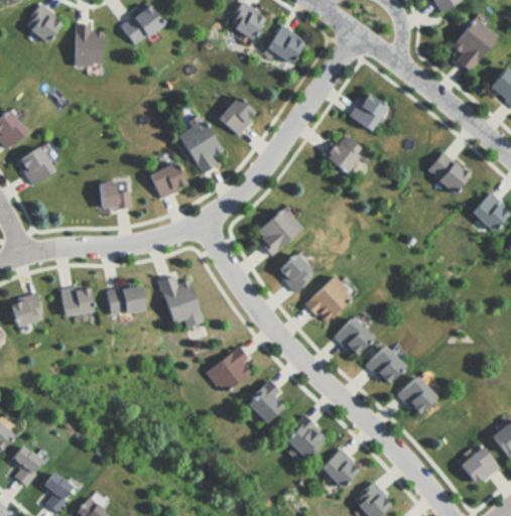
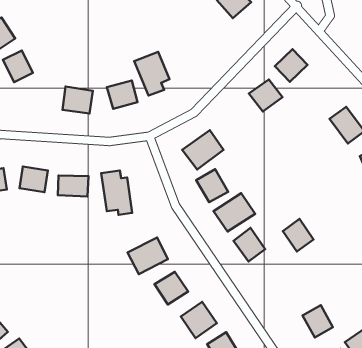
building: [216,95,258,137] -> none
building: [365,346,404,386] -> [283,219,314,252]
building: [396,376,435,416] -> [302,305,333,337]

